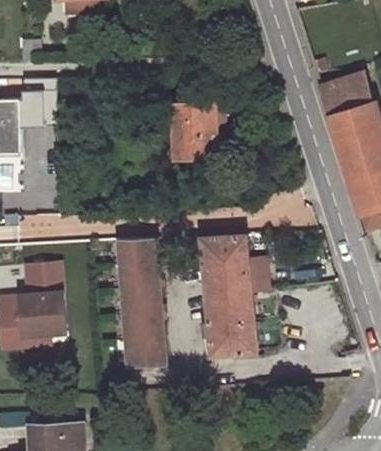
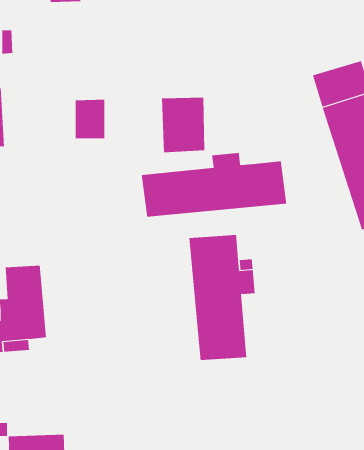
building: [28,77,57,115] -> [75,99,105,139]
building: none -> [141,152,287,217]
building: [117,239,164,367] -> none

